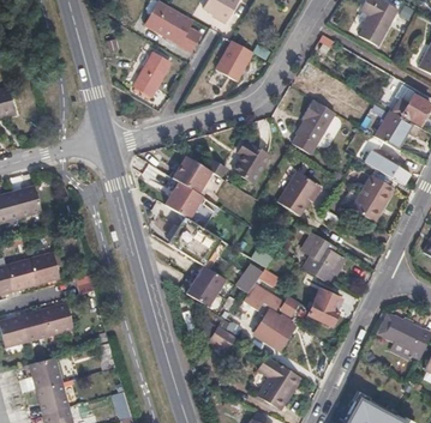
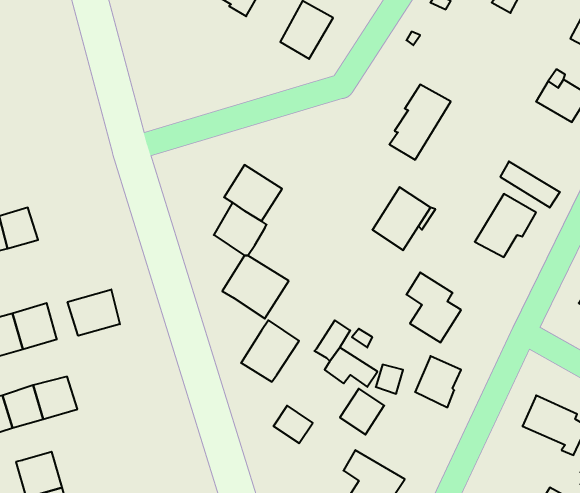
building: [132,55,170,101] -> none
building: [375,110,412,149] -> none
building: [229,135,265,179] -> none
building: none -> [68,289,120,336]

